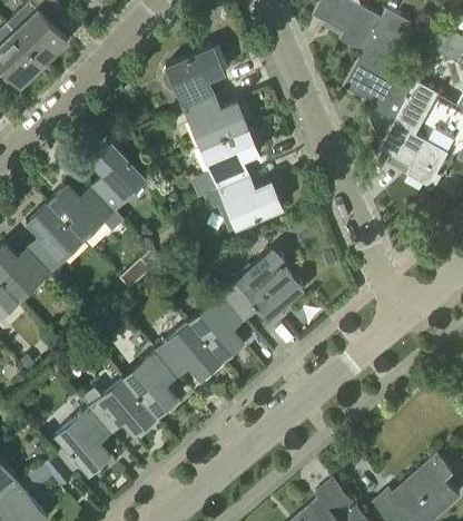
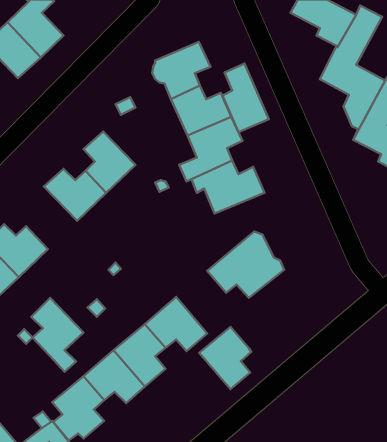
building: none -> [223,63,269,132]
building: [28,204,83,283] -> [31,298,83,372]
building: [189,294,245,361] -> [199,327,251,389]

